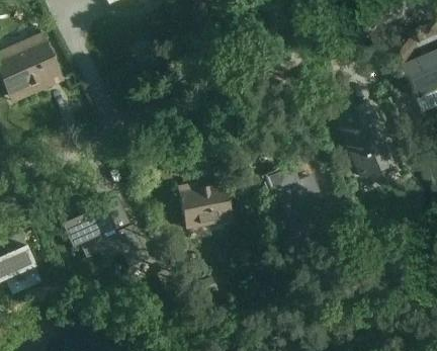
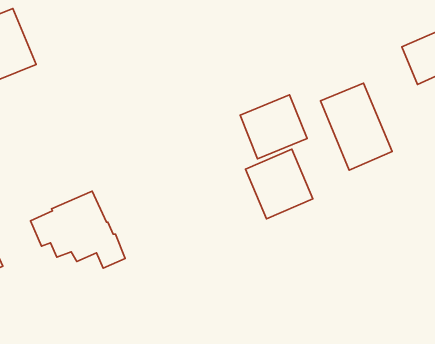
building: none -> [240,95,307,159]
building: [171,183,227,230] -> none

